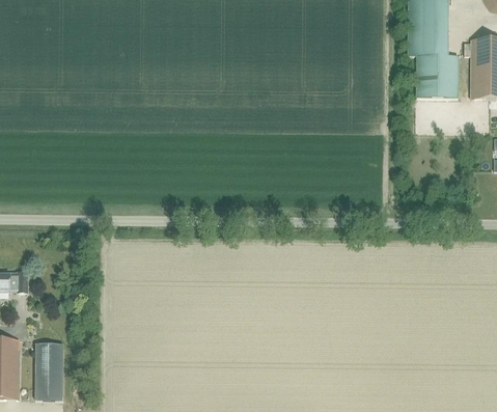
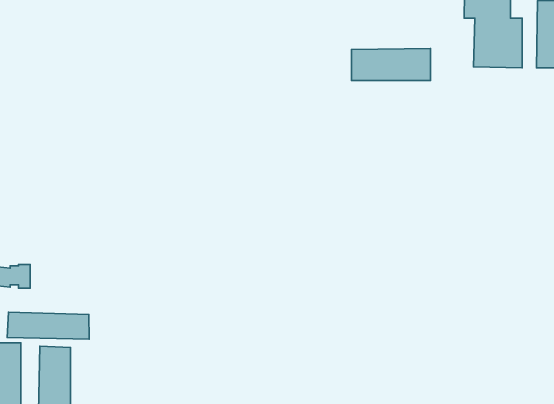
building: none -> [352,49,431,81]
building: none -> [7,312,89,339]

